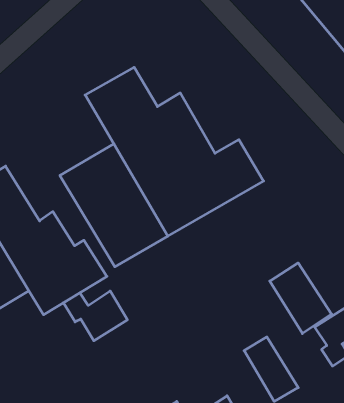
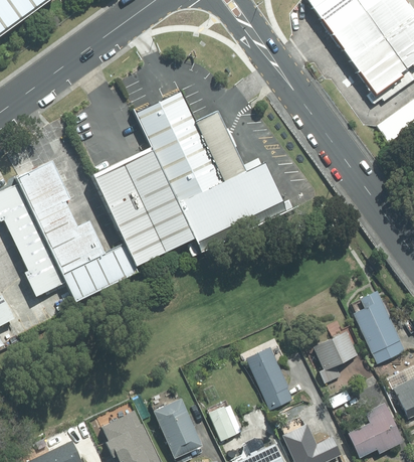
building: [270,263,332,334] -> none
building: [63,291,127,341] -> none

